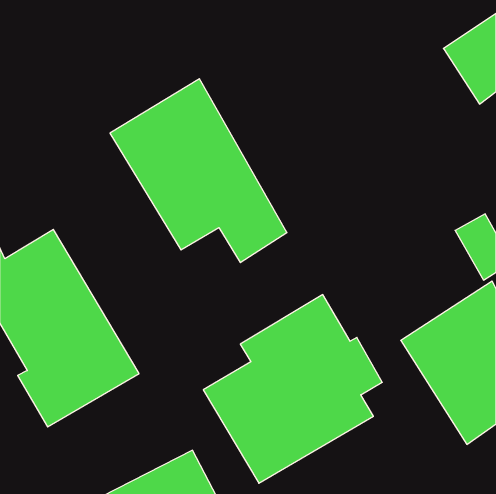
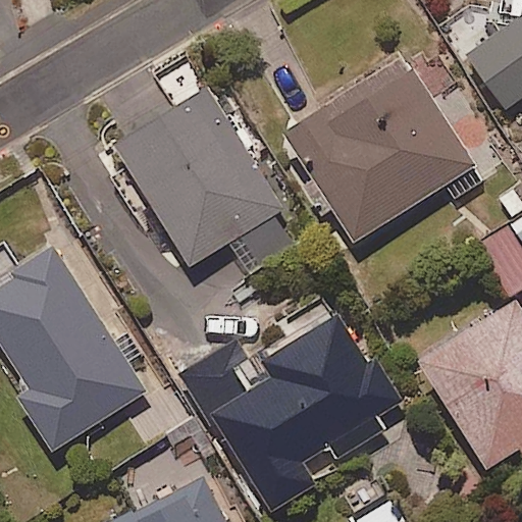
building: none -> [284,57,481,242]

